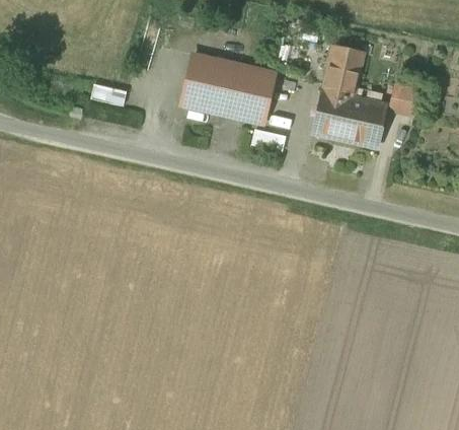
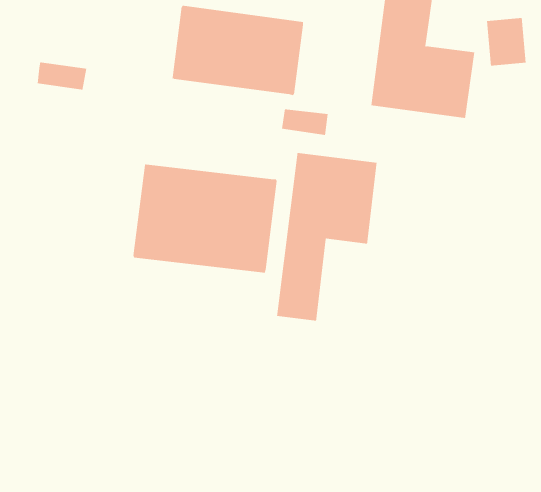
building: none -> [133,162,277,273]
building: none -> [276,152,377,322]

